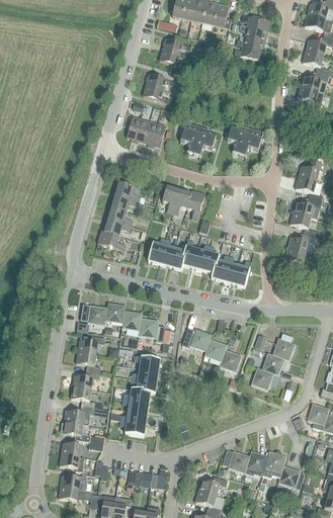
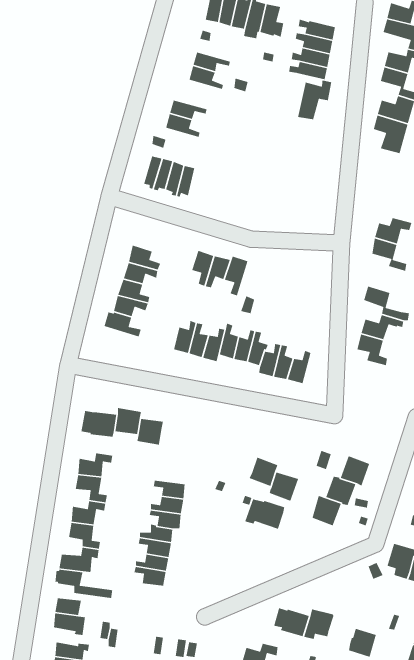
building: none -> [297,80,332,120]
building: [180,121,217,156] -> none
building: [227,124,263,157] -> none
building: [293,198,321,220] -> none
building: [138,318,165,342] -> none
building: [181,328,212,351] -> [244,499,285,530]
building: [262,450,286,477] -> none

